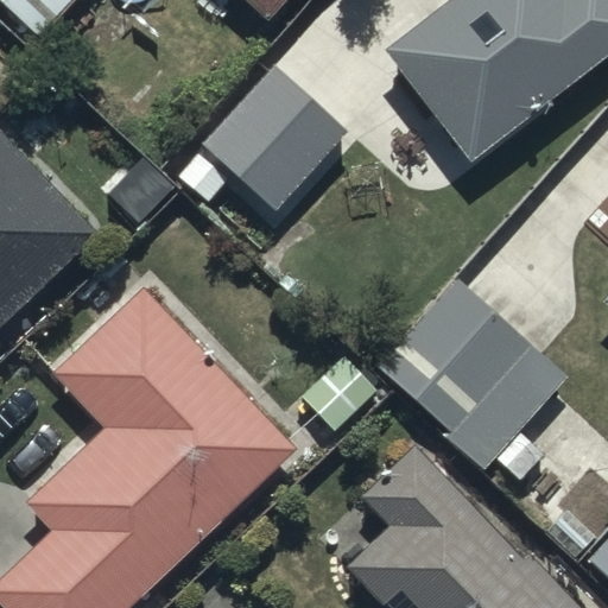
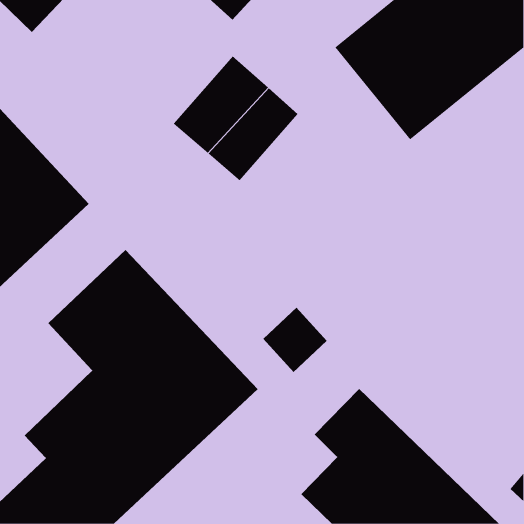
building: [375,279,565,477] -> none

